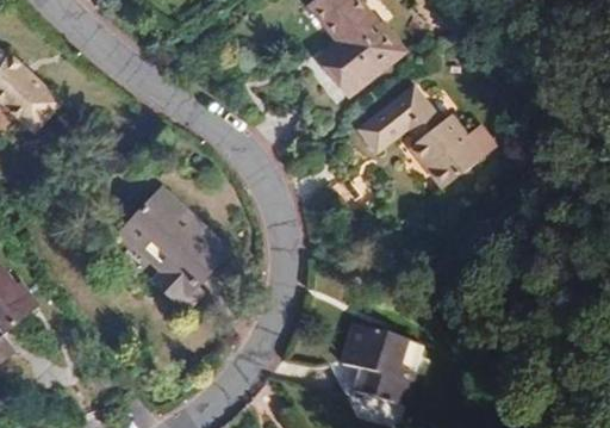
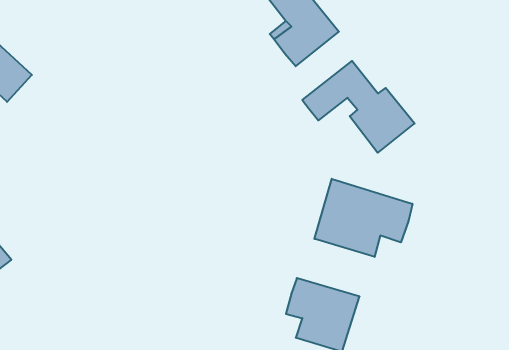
building: [122,191,226,306] -> none
building: none -> [314,179,412,257]

